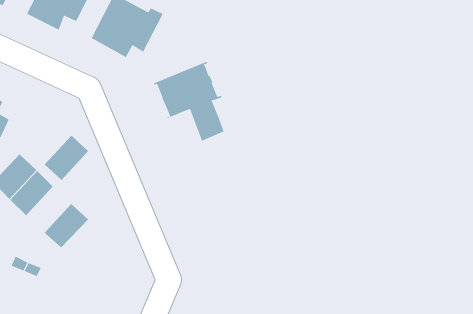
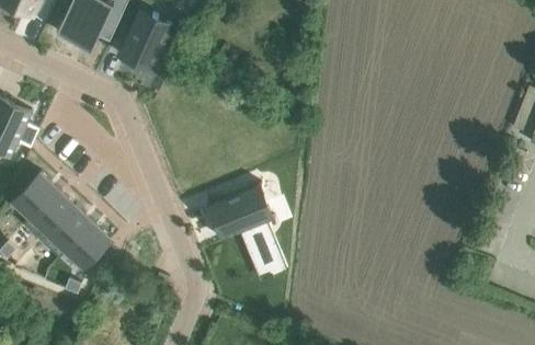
building: [153,61,225,141] -> [205,183,276,263]
building: [44,135,89,181] -> [53,197,98,243]

